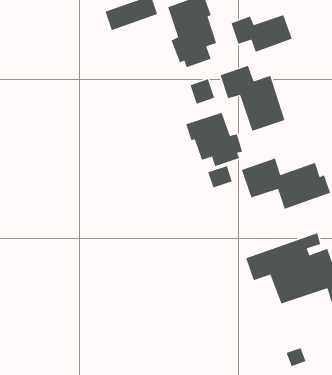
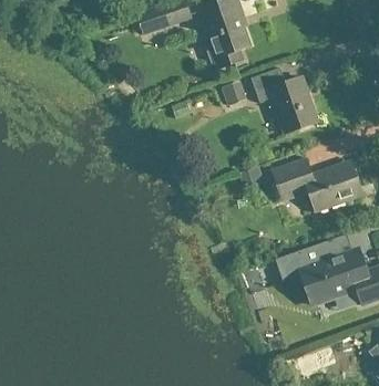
building: [230,14,293,53] -> none
building: [185,112,243,167] -> none

